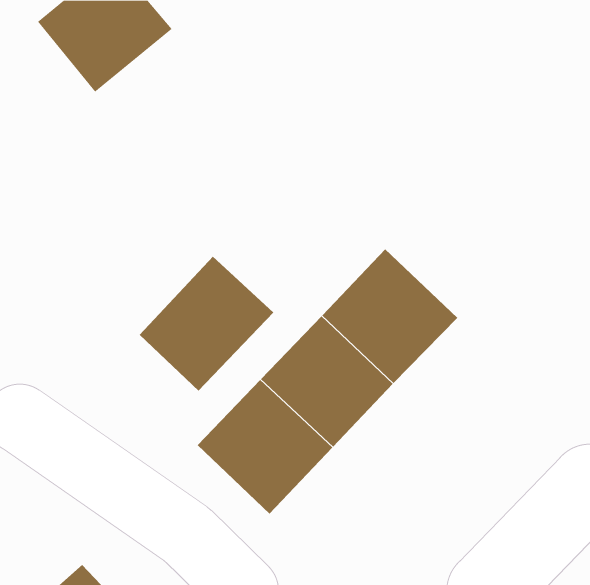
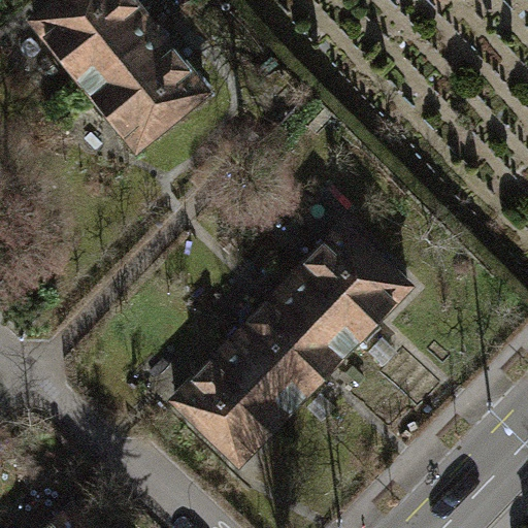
building: none -> [85,31,206,152]
building: [139,256,274,391] -> none

